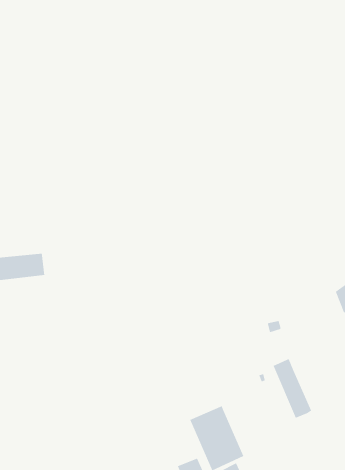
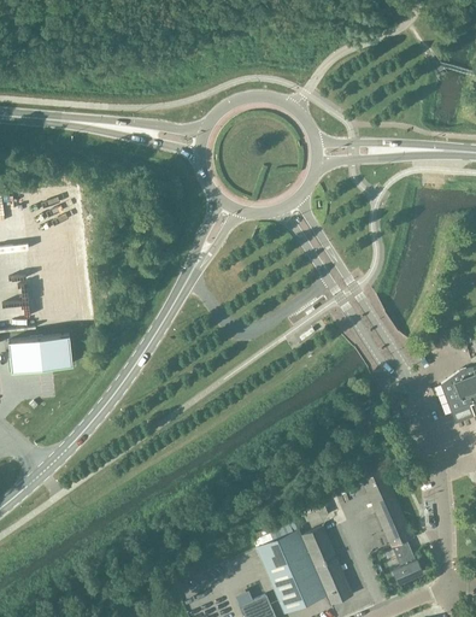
building: none -> [300,528,352,606]
building: none -> [392,542,423,586]

